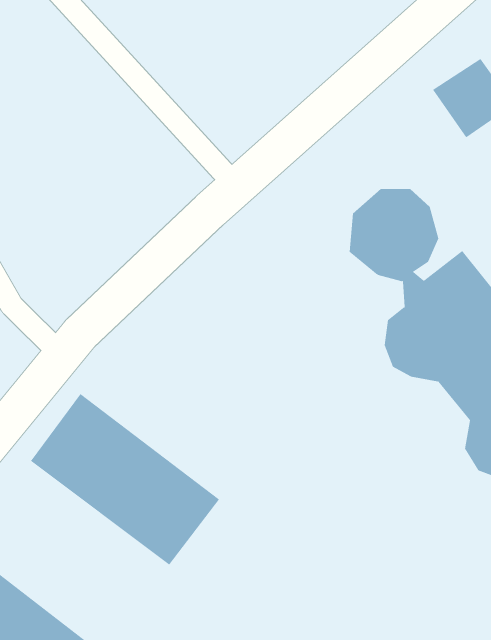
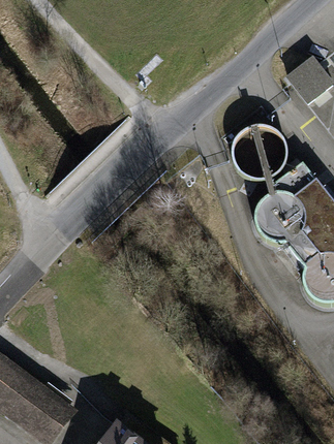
building: [30,393,220,566] -> none

